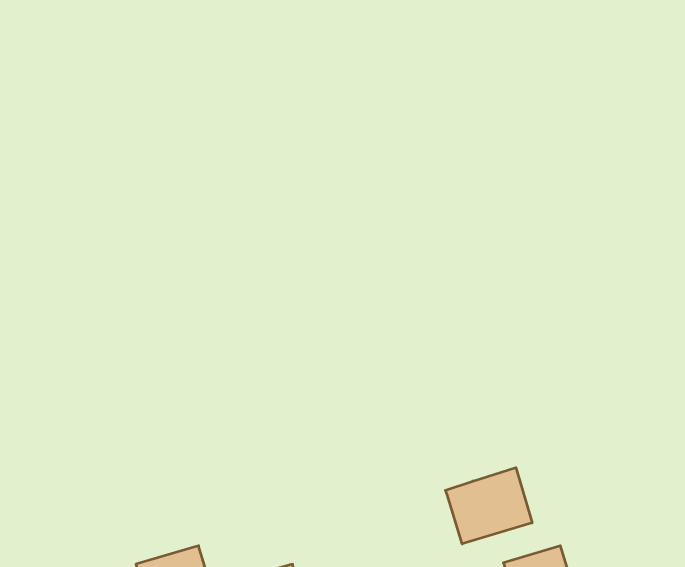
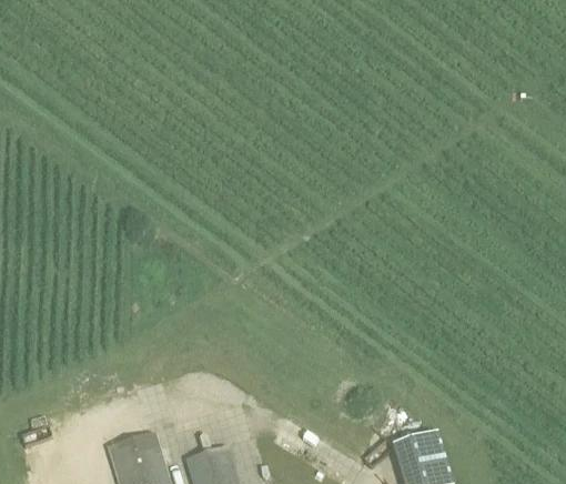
building: [445,468,532,544] -> none

